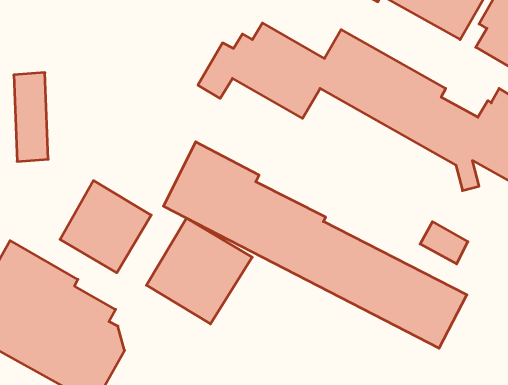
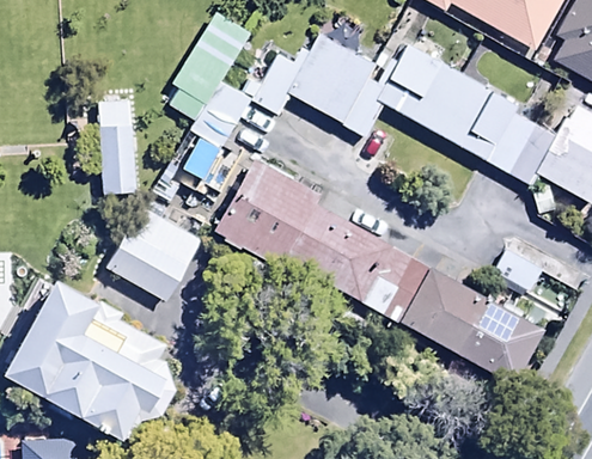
building: none -> [171,16,254,195]
building: [14,73,48,161] -> [98,98,135,194]
building: [146,218,252,324] -> none

